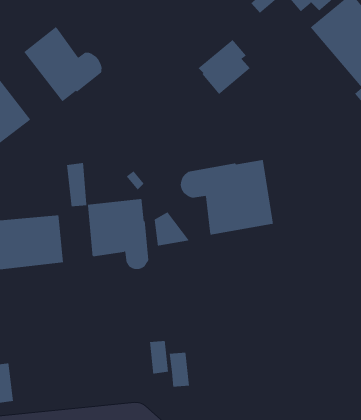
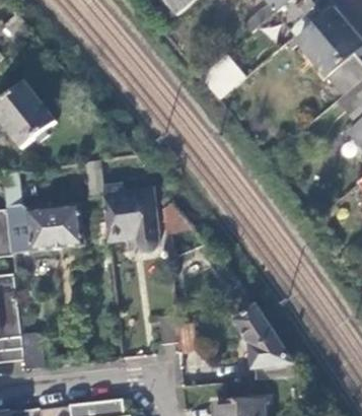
building: [24,26,102,102] -> none
building: [180,159,274,235] -> none
building: none -> [227,289,300,376]

